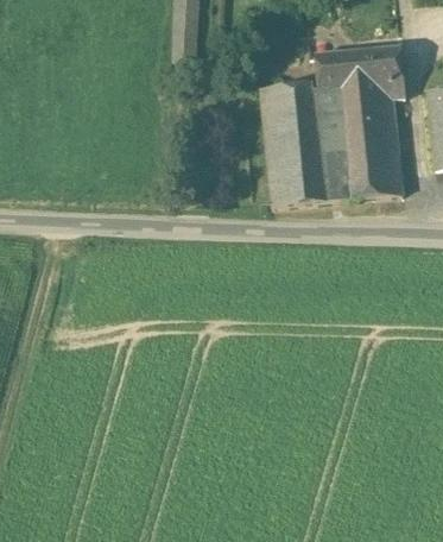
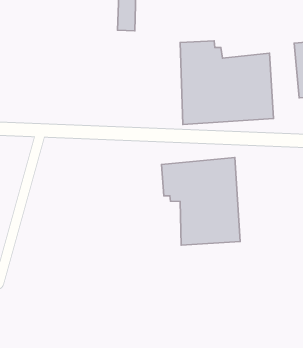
building: [319,53,404,112] -> none
building: none -> [161,157,240,245]

